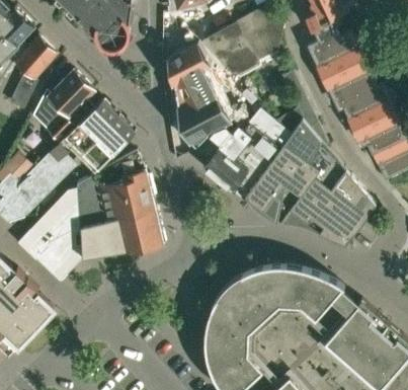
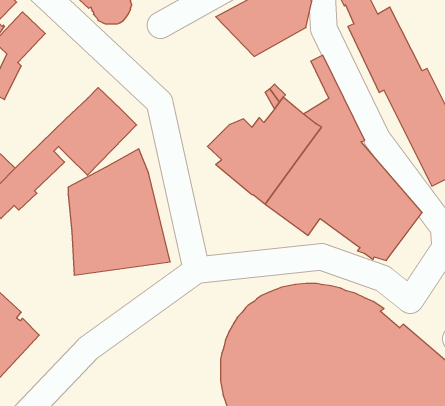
building: [166,45,237,149] -> none
building: [31,73,93,144] -> none
building: [24,191,81,284] -> none

